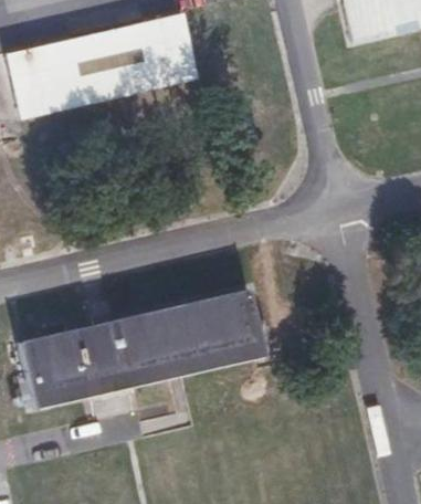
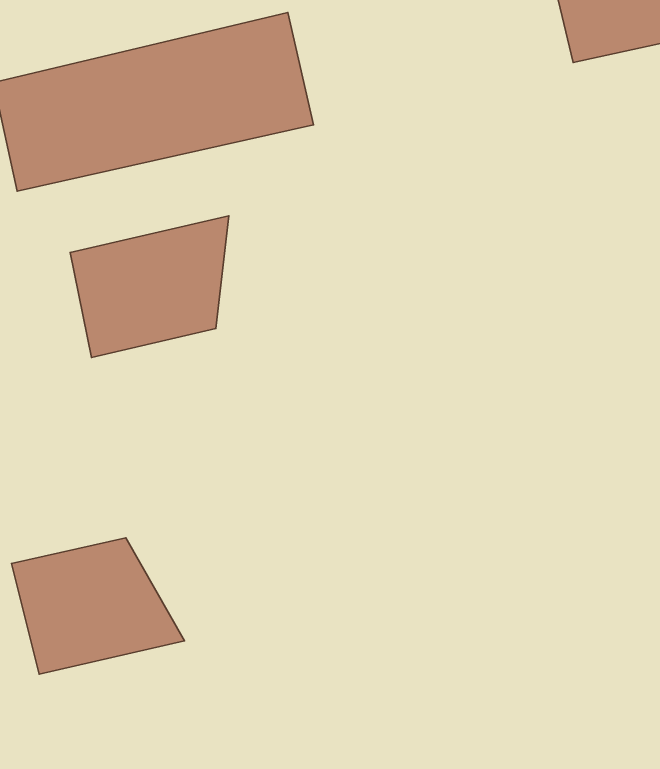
building: none -> [70,216,229,357]
building: [93,288,265,387] -> none

